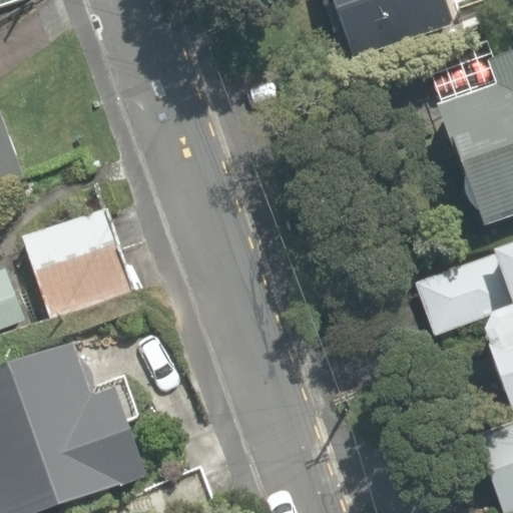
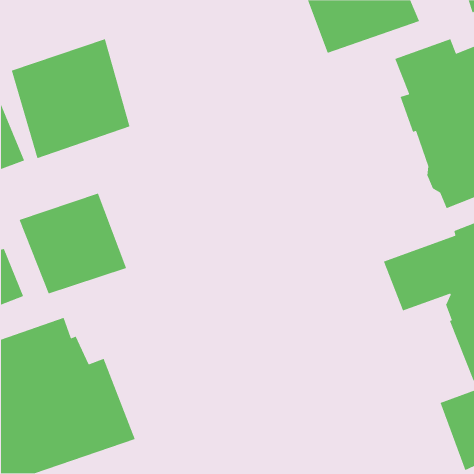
building: none -> [11,38,130,159]

